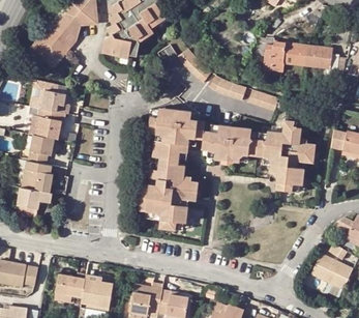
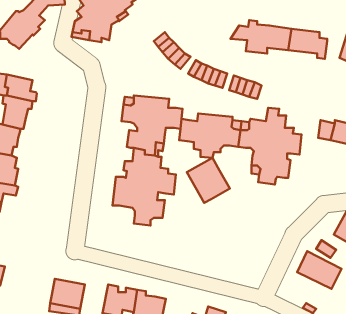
building: none -> [187,158,230,203]
building: [55,272,86,295] -> none

